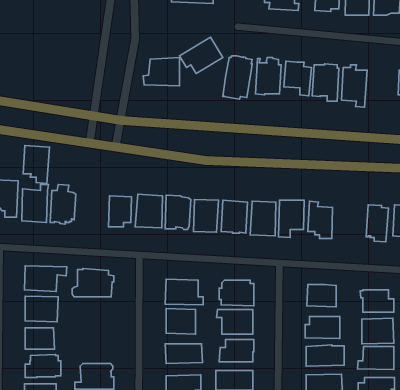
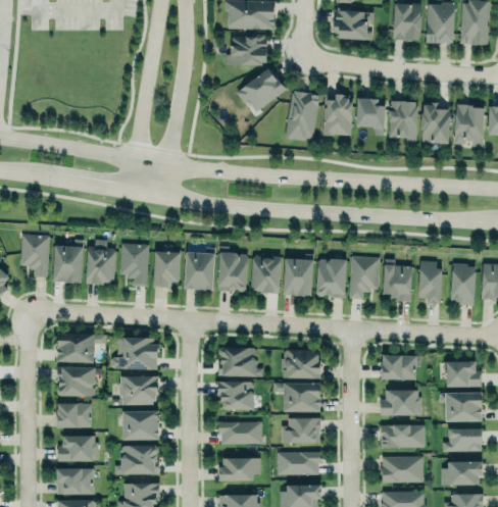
building: [143,57,179,86] -> [225,33,266,65]
building: none -> [454,103,485,147]
building: [23,145,50,184] -> [118,242,149,286]
building: none -> [418,260,440,303]
building: none -> [118,376,159,404]
building: none -> [121,410,158,440]

